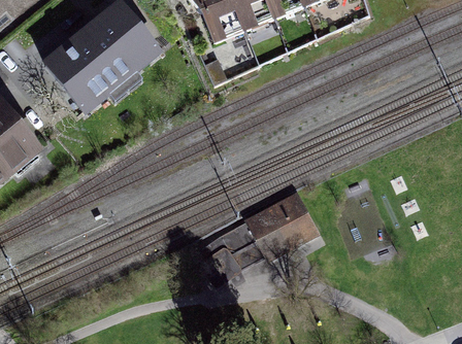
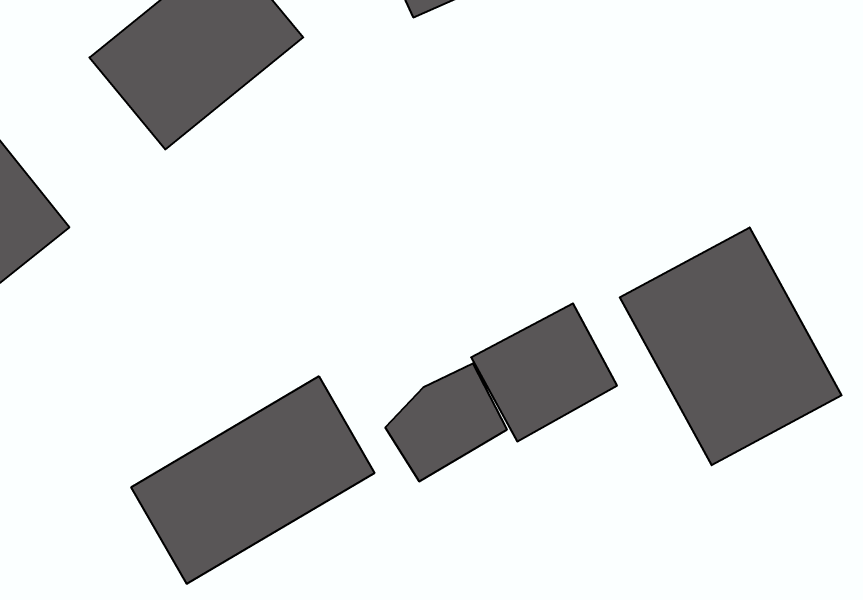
building: none -> [620,227,842,465]
building: none -> [131,376,374,584]

